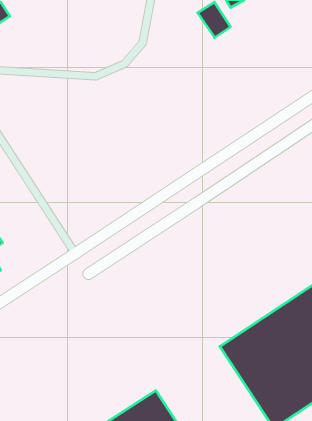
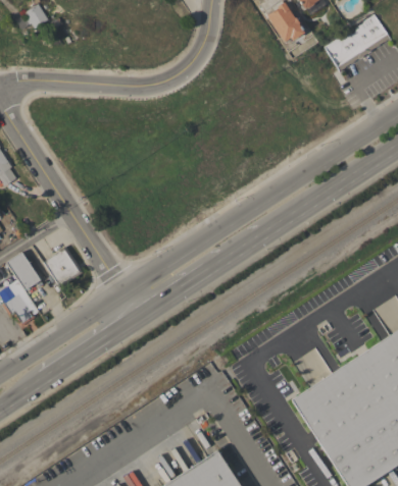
building: none -> [325,14,391,71]
building: none -> [44,246,83,287]

